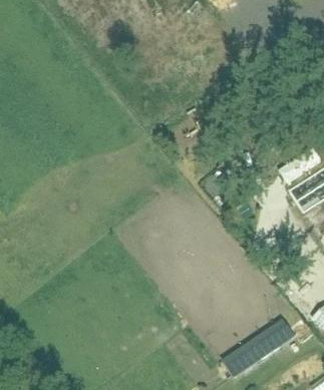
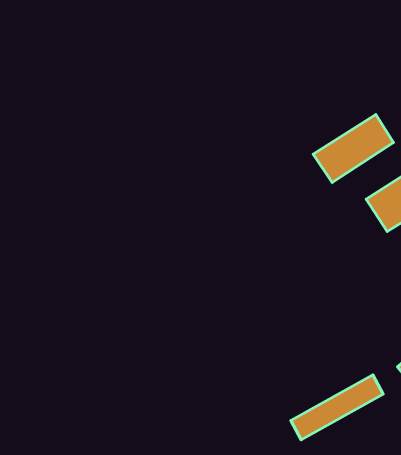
building: none -> [313,114,394,183]

